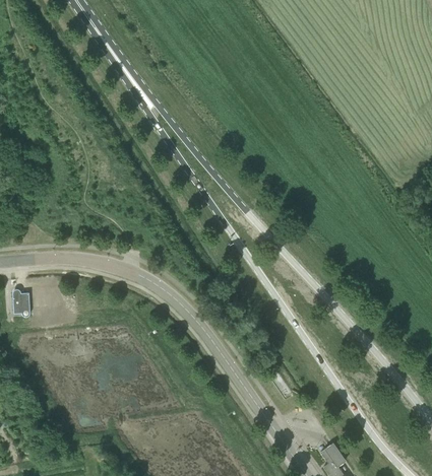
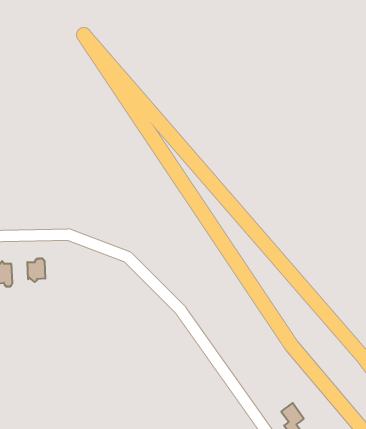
building: none -> [27,258,45,282]

